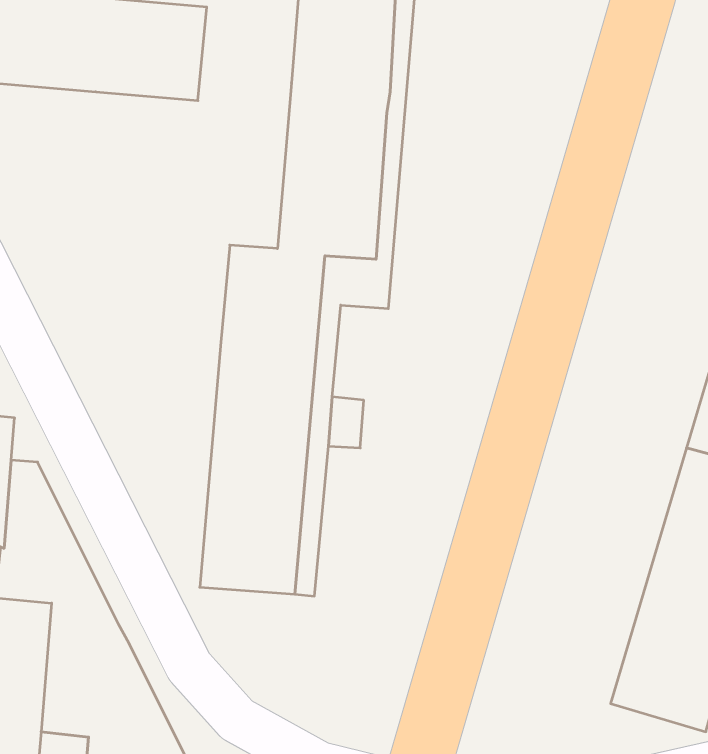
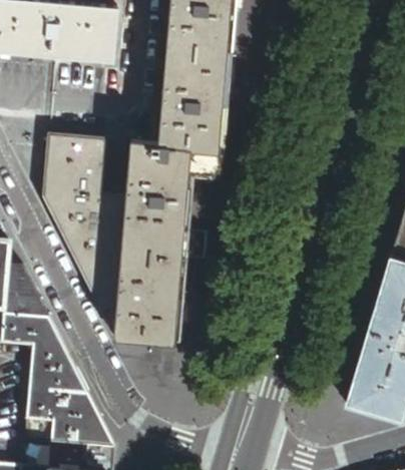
building: none -> [43,134,126,337]

